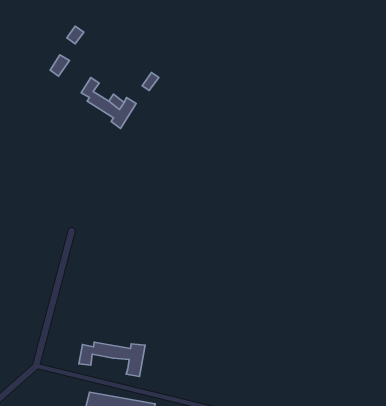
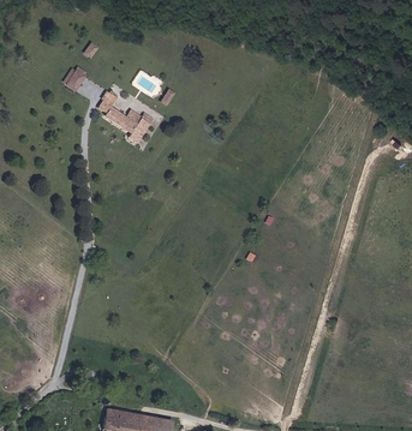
building: [79,342,145,377] -> none

